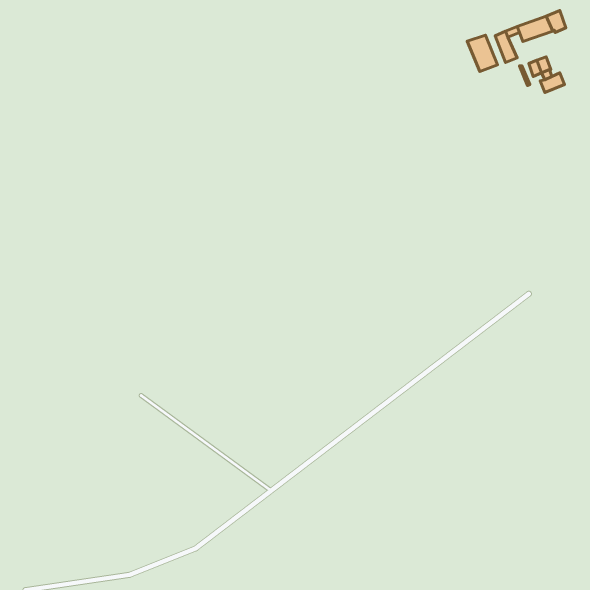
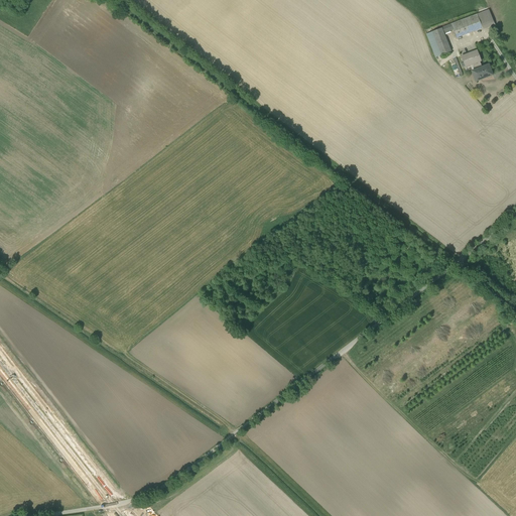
building: [467,35,497,72] -> none

